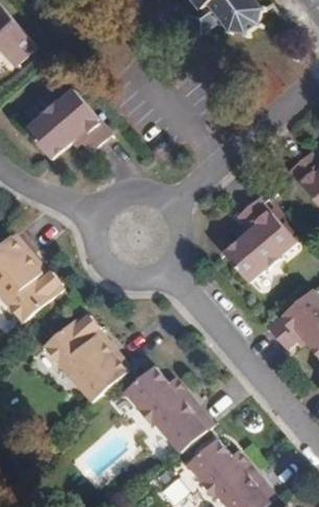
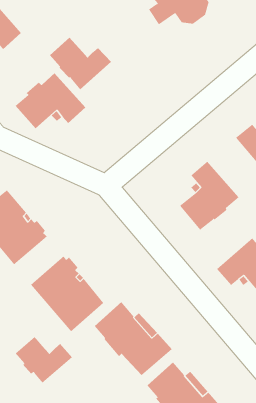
building: none -> [49,37,112,90]
building: none -> [15,336,73,384]

